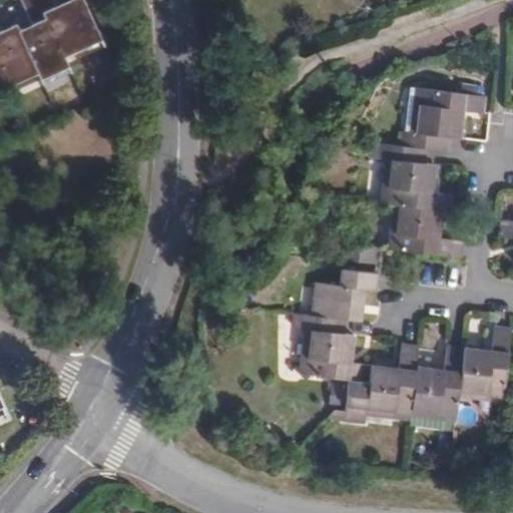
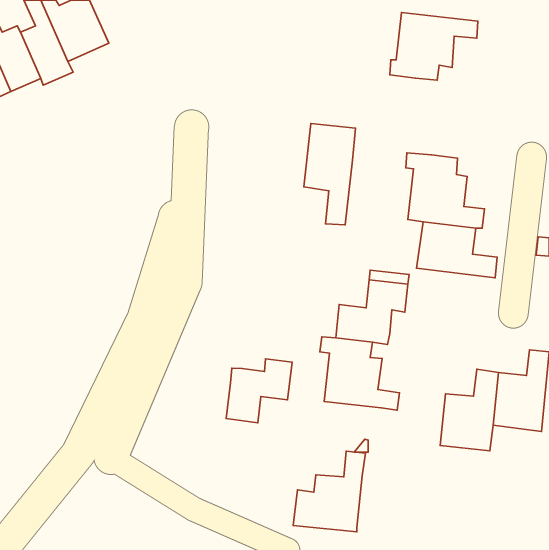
building: [402,86,484,149] -> [390,12,478,80]
building: none -> [304,124,356,225]
building: none -> [226,359,292,423]
building: [351,344,418,419] -> [293,451,365,532]

